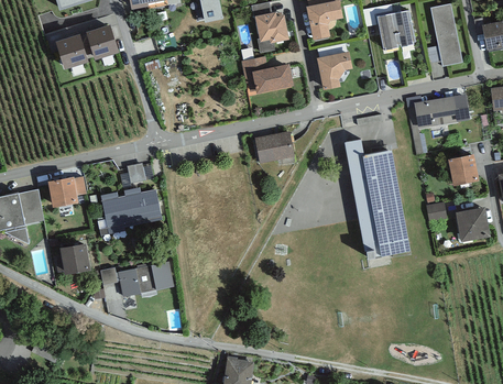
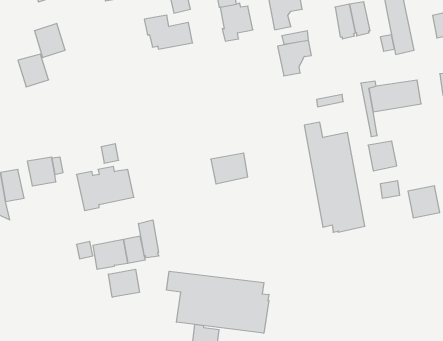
building: [86,24,119,59] -> [18,54,49,87]
building: [241,56,293,92] -> [144,15,193,49]
building: [254,130,294,163] -> [211,153,248,184]
building: [448,154,479,186] -> [368,141,397,171]
building: [59,243,90,274] -> none
building: none -> [139,220,159,258]
building: none -> [108,269,139,297]
building: none -> [167,271,269,333]

